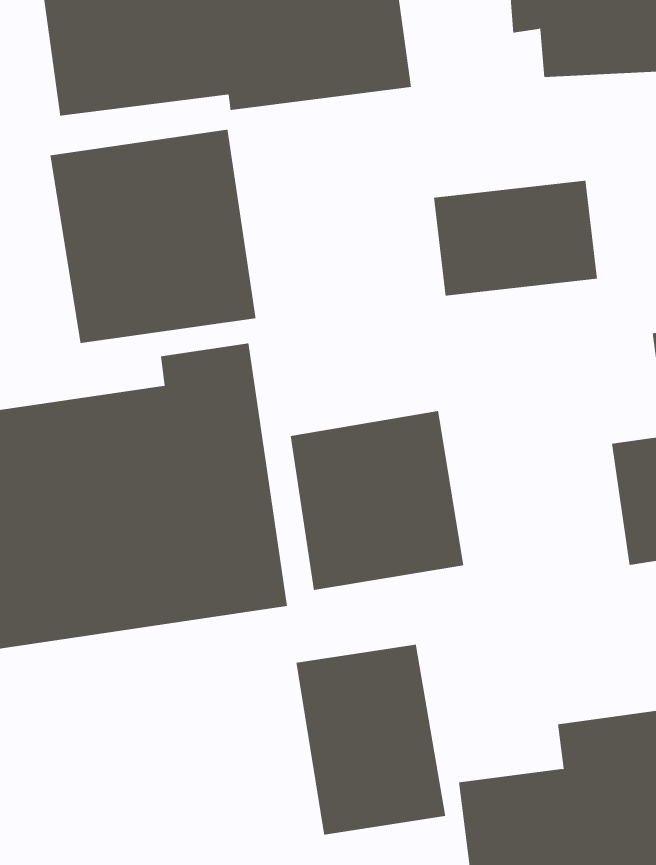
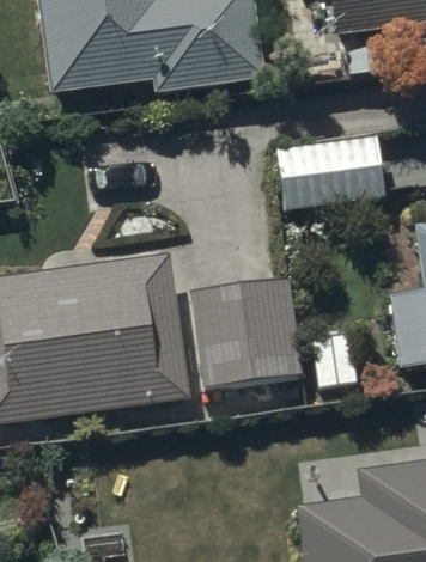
building: [50,129,256,344] -> none
building: [296,644,446,835] -> none

